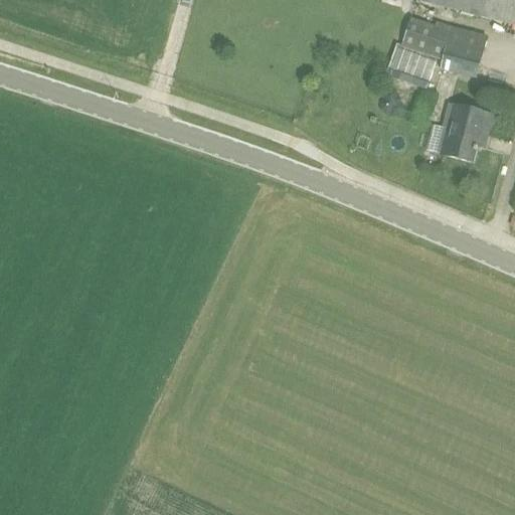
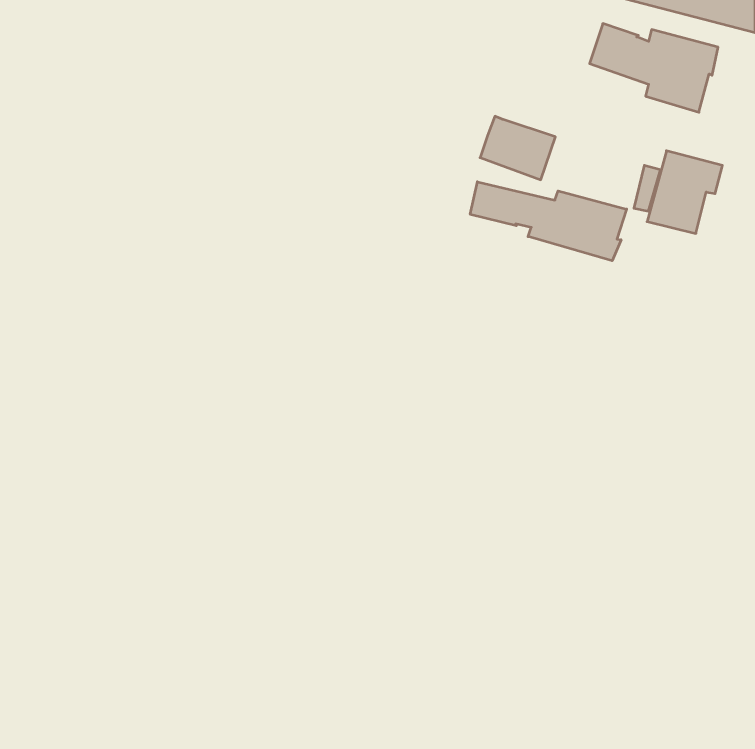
building: [385,44,437,88] -> [480,116,555,180]
building: none -> [470,182,627,261]

